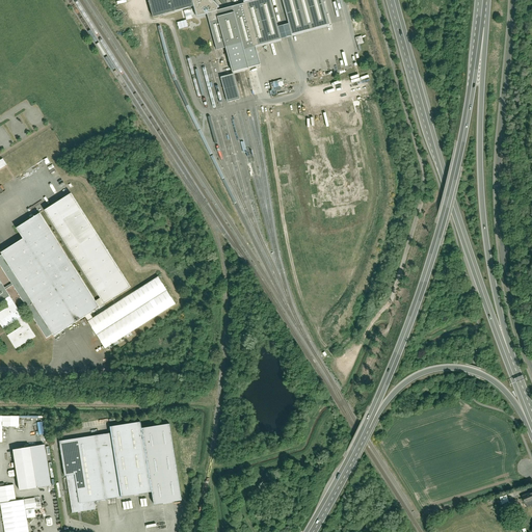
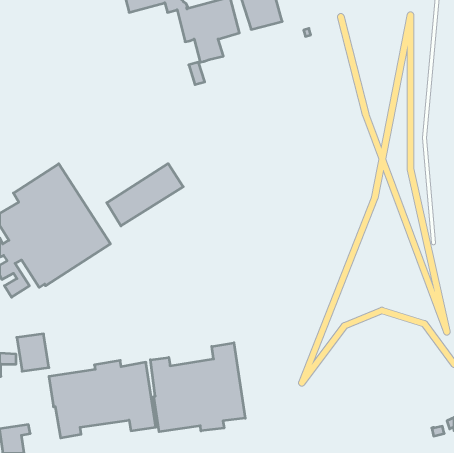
building: [86,275,176,348] -> [107,164,183,226]
building: none -> [150,343,245,432]
building: [14,446,51,489] -> [17,334,49,371]

